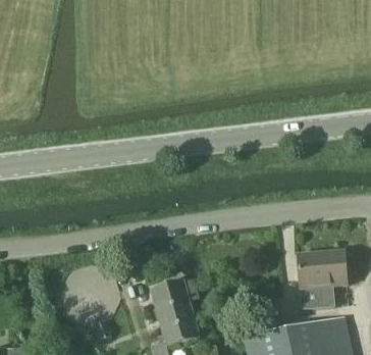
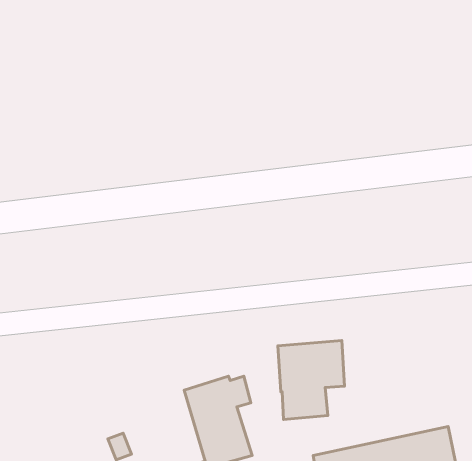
building: [298,251,347,309] -> [278,340,345,420]

